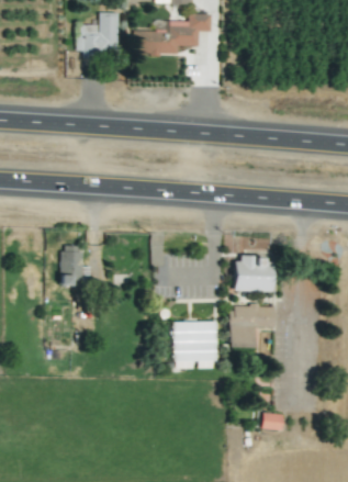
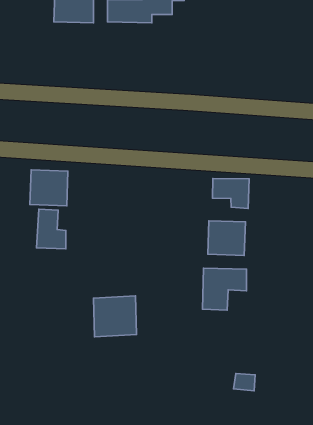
building: none -> [30,170,68,206]
building: none -> [213,179,249,208]
building: [173,321,217,362] -> [93,296,136,337]

